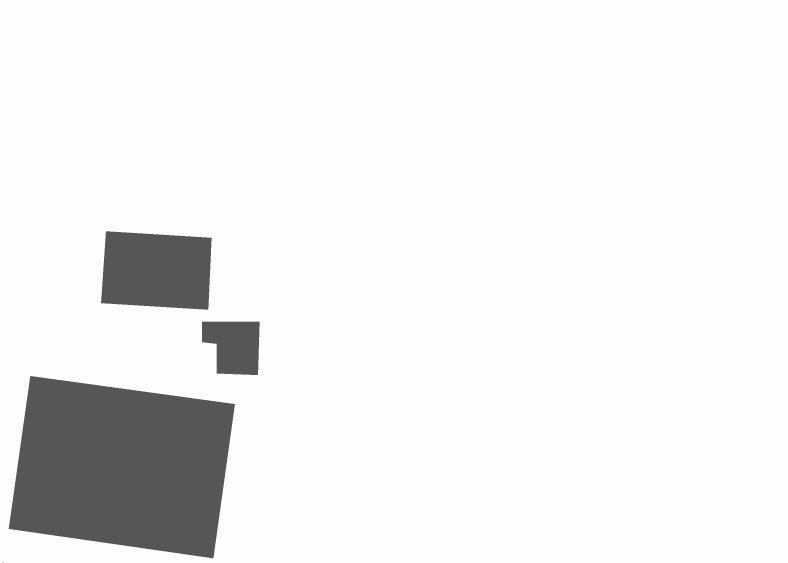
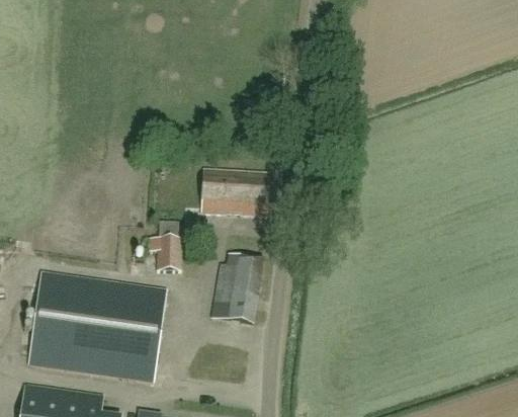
building: [100,231,212,310] -> [199,166,268,215]
building: none -> [211,251,263,323]

